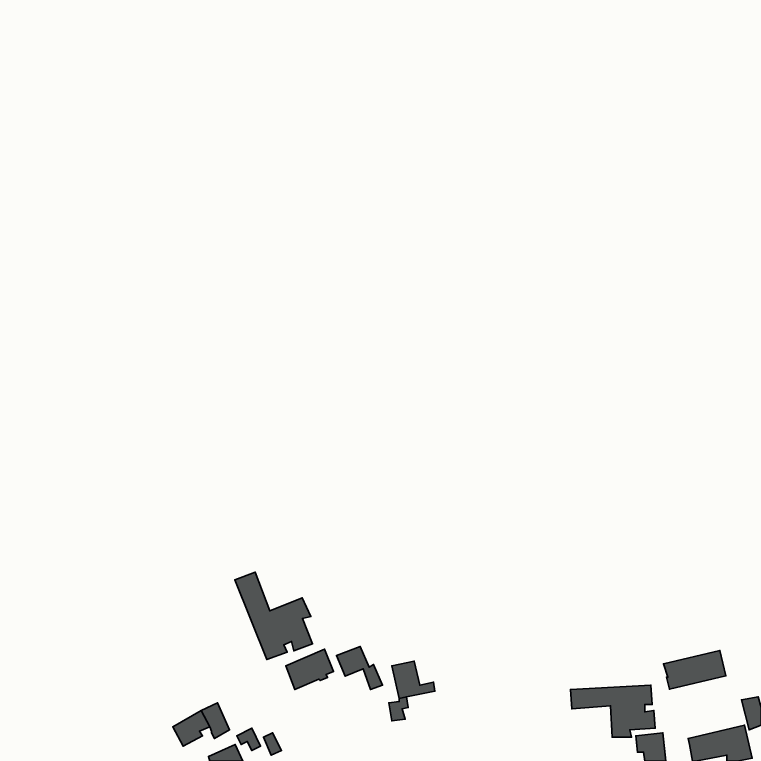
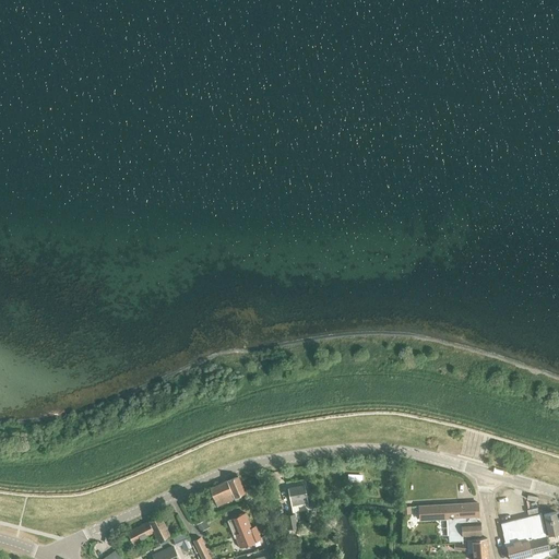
building: [235,572,313,660] -> none
building: [336,646,383,690] -> [227,513,261,545]
building: [663,650,726,689] -> [500,513,546,542]

